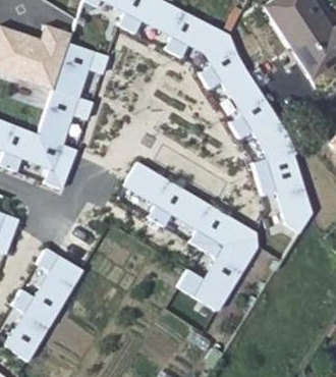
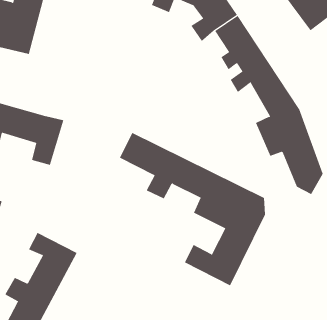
building: [38,43,111,144] -> none

